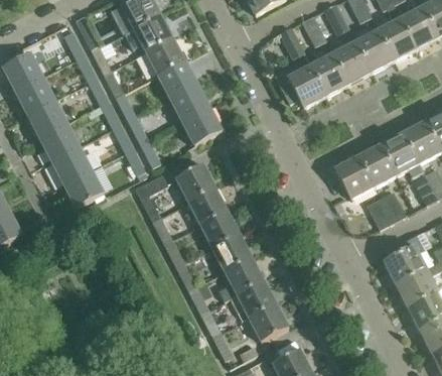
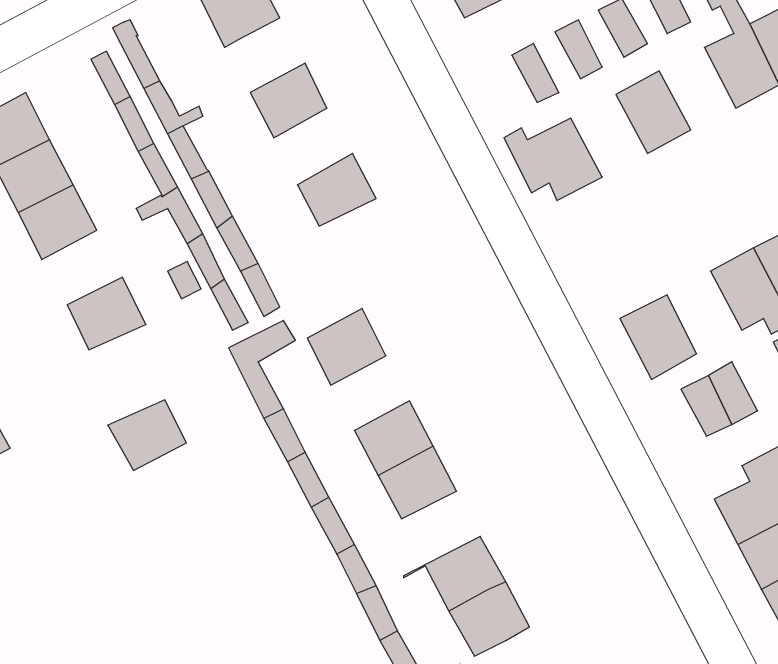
building: [125,14,174,52] -> none
building: [355,29,395,72] -> none
building: [310,53,349,96] -> none
building: [158,60,198,100] -> none
building: [181,107,223,145] -> none
building: [39,123,81,161] -> none
building: [359,144,398,186] -> none
building: [63,171,104,208] -> [108,400,186,470]
building: [187,187,228,226] -> none
building: [218,257,264,301] -> none

